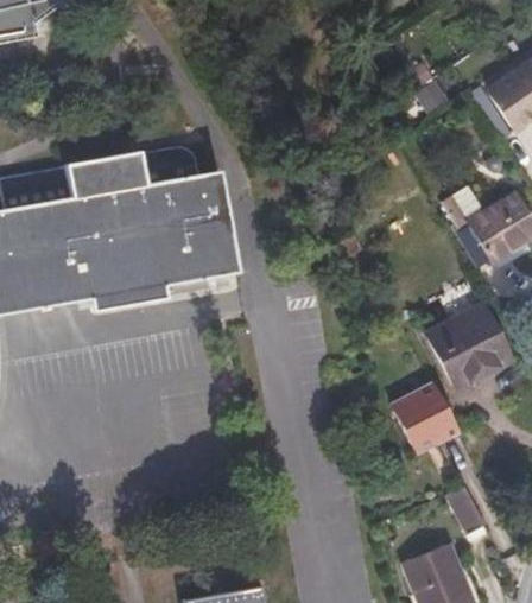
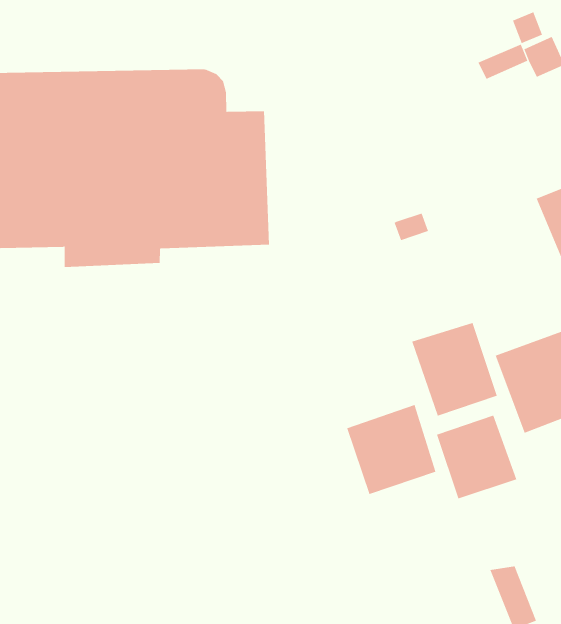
building: none -> [411,322,498,416]
building: none -> [347,404,436,495]

